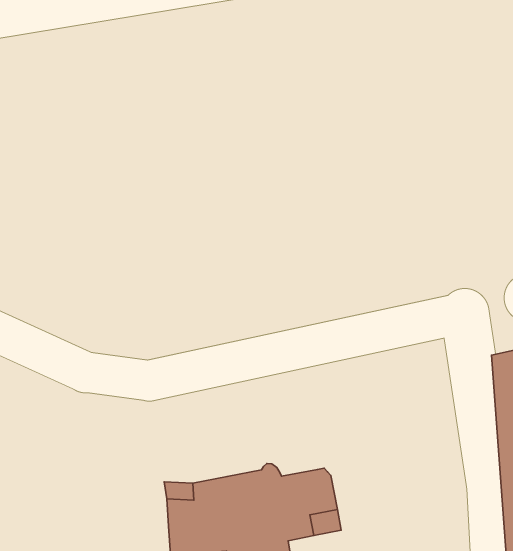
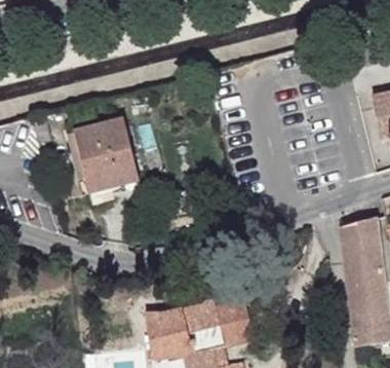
building: none -> [76,118,142,190]

